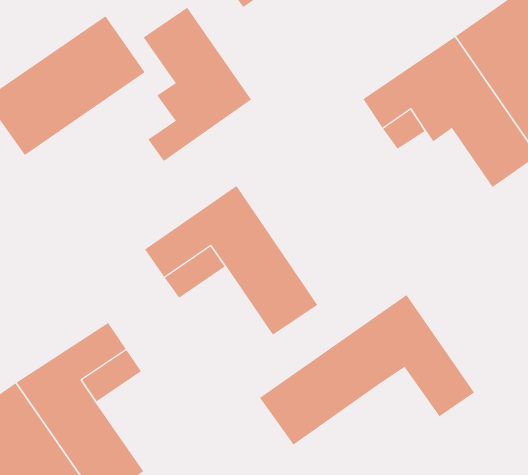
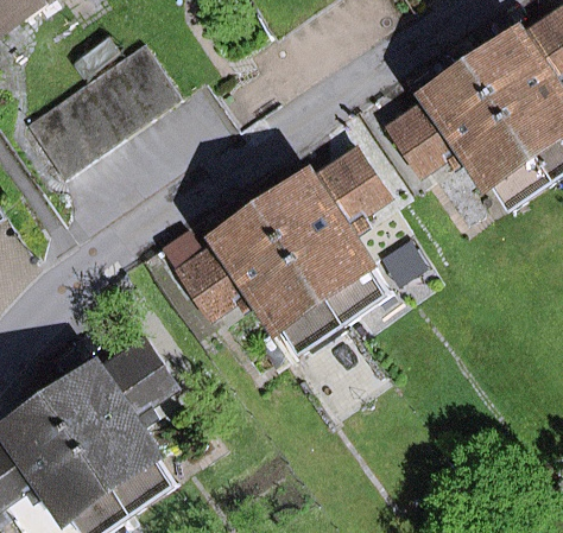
building: [143,7,252,162] -> none
building: none -> [264,146,386,321]
building: [259,294,475,445] -> none

